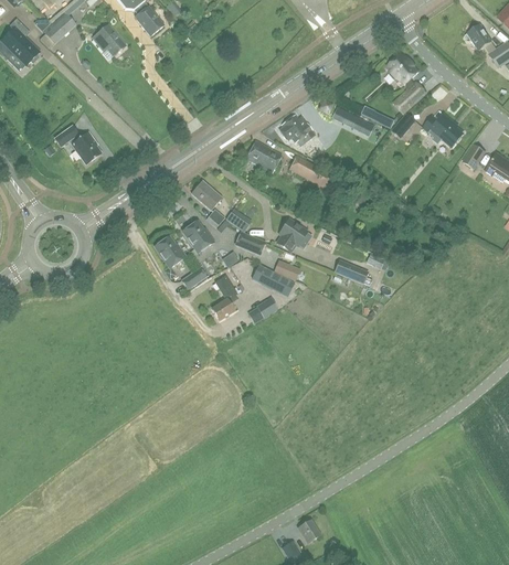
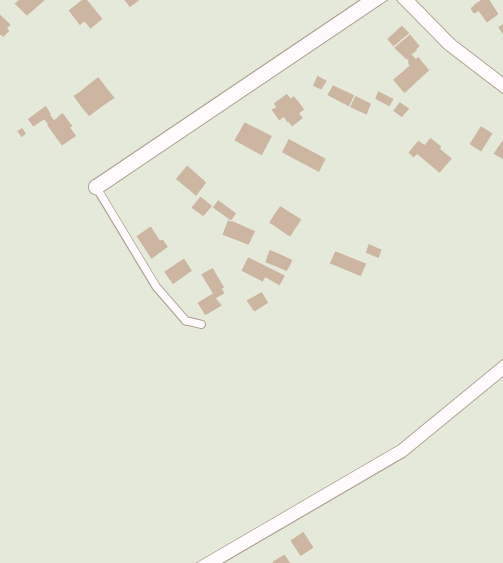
building: none -> [72,76,115,117]
building: [422,113,464,147] -> [408,137,453,174]
building: [182,221,213,253] -> none

